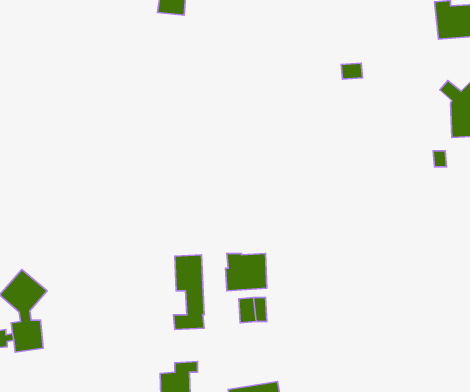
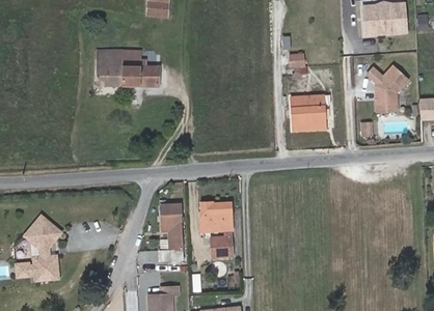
building: none -> [96,50,159,86]
building: none -> [291,95,325,131]

